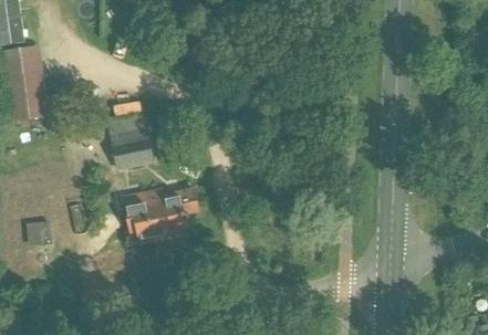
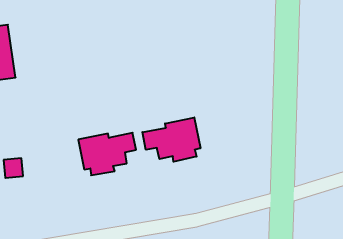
building: [111,125,155,169] -> none
building: none -> [142,117,200,162]

